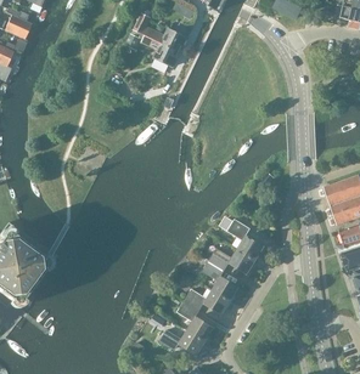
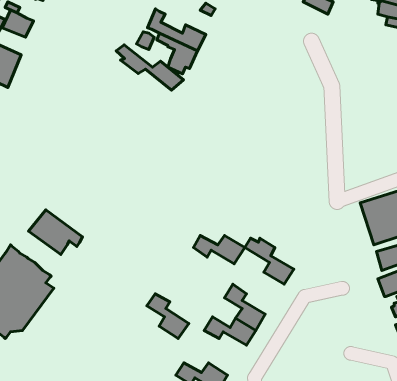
building: none -> [116,45,184,90]
building: none -> [29,210,82,254]
building: [210,248,257,273] -> [193,235,245,264]
building: [178,300,215,340] -> [147,294,189,338]

